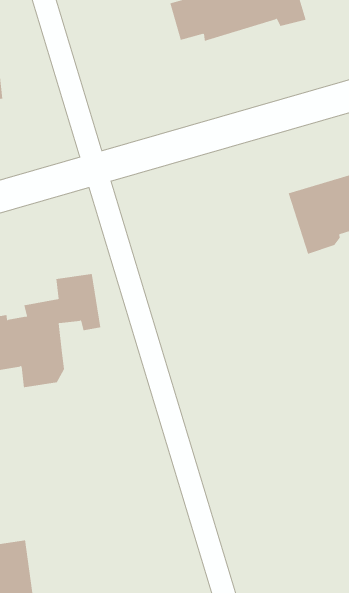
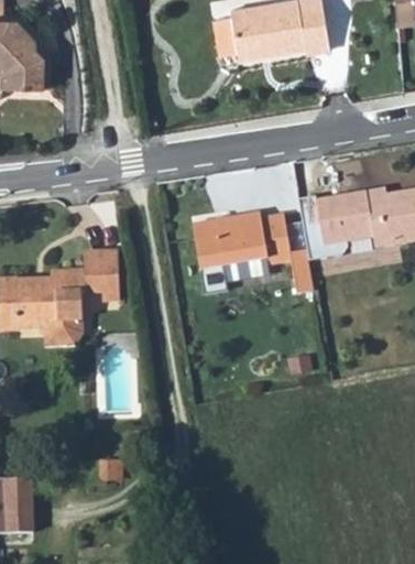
building: none -> [190,210,292,293]

